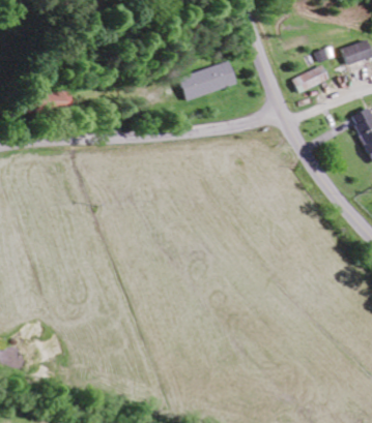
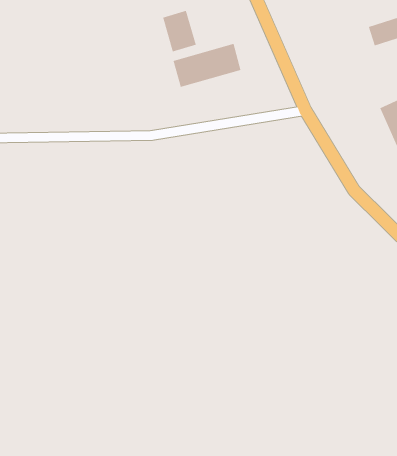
building: none -> [162,10,197,52]
building: [292,65,328,93] -> none

